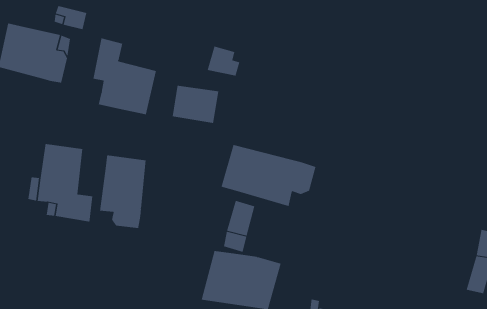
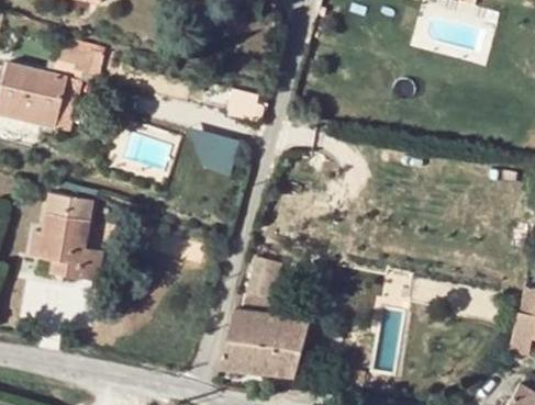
building: [93,38,156,115] -> none
building: [221,144,316,207] -> none
building: [99,155,146,229] -> none

